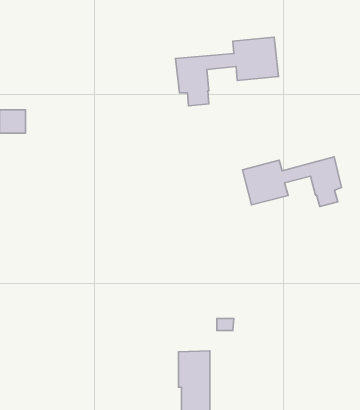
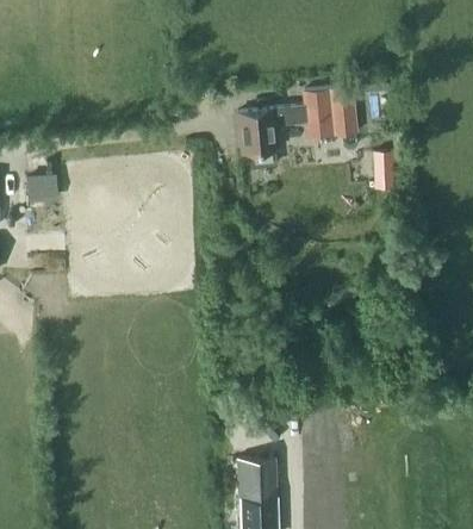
building: none -> [372,150,393,188]
building: [242,157,341,206] -> none

